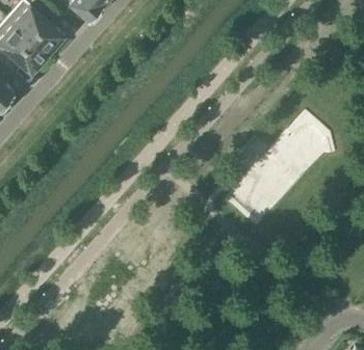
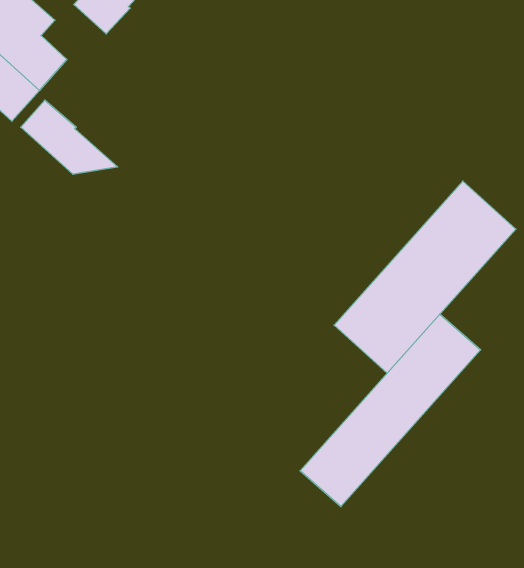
building: none -> [21,100,118,174]
building: none -> [300,314,480,506]

